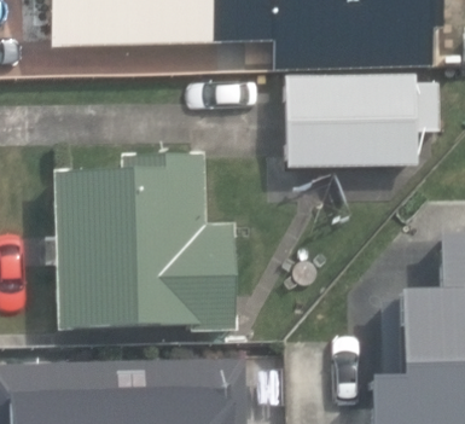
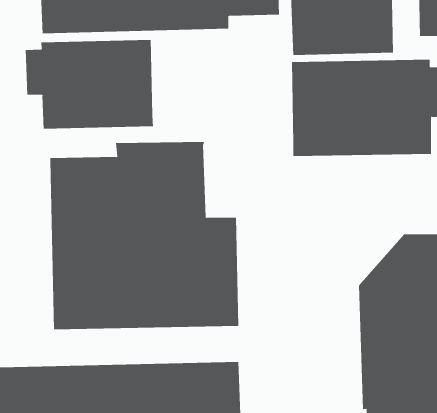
building: none -> [25,39,153,129]

